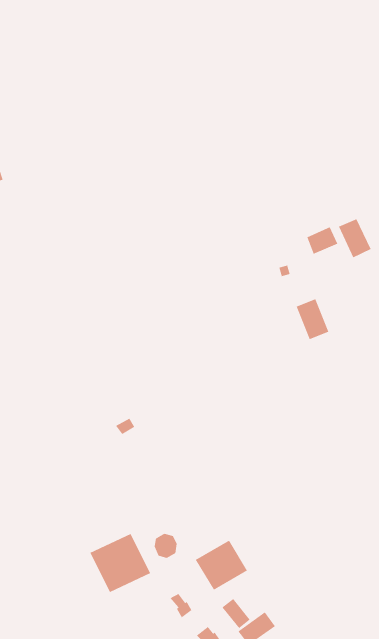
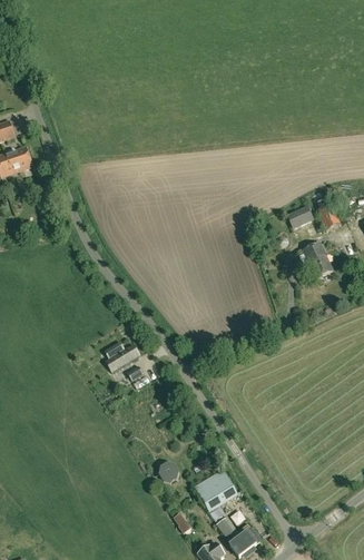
building: [296,299,329,340] -> [304,244,332,278]
building: none -> [105,342,140,373]
building: [90,533,151,593] -> none

